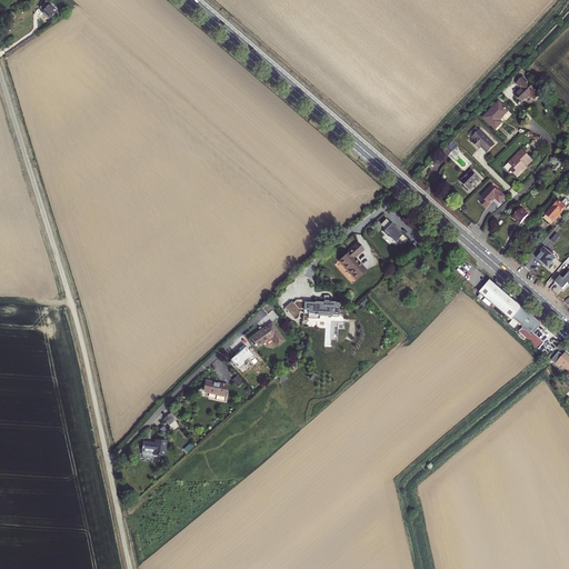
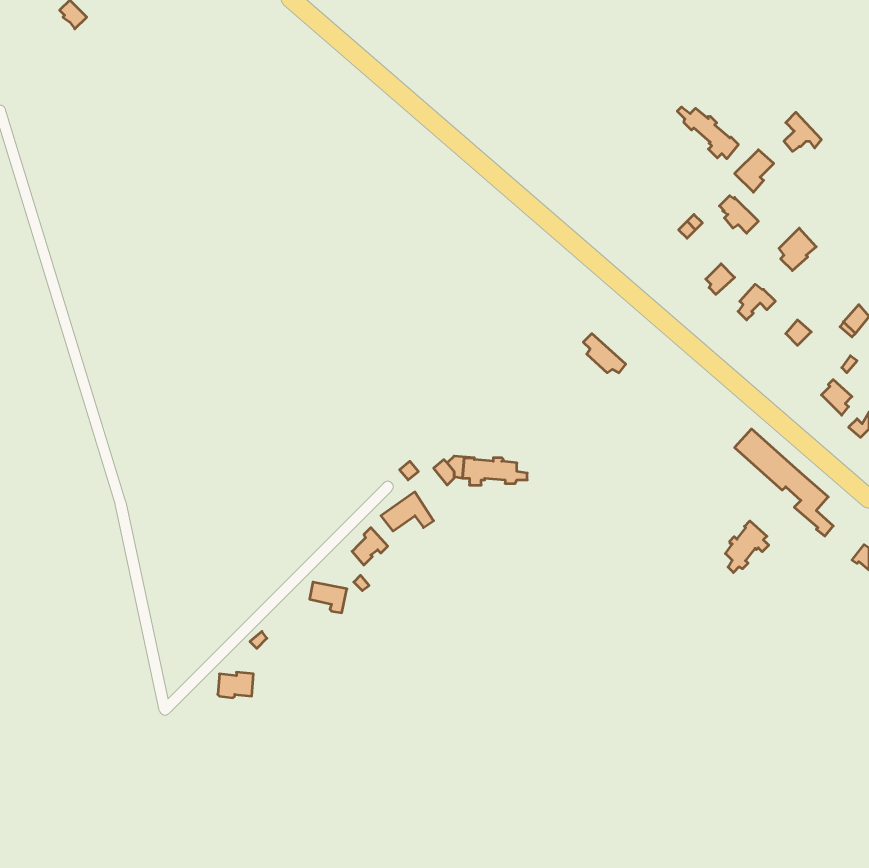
building: none -> [677,107,738,159]
building: [338,242,366,280] -> none
building: none -> [725,521,769,573]

